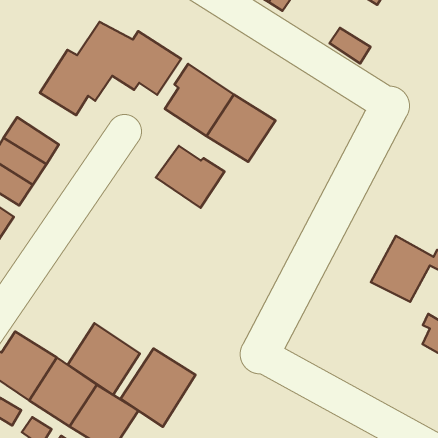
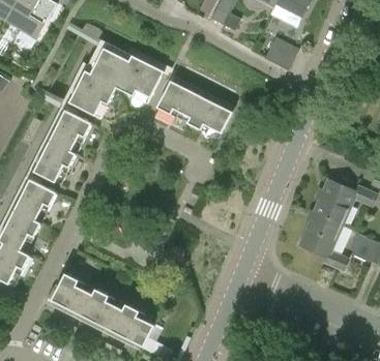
building: none -> [54,103,93,139]
building: [156,146,225,208] -> none
building: none -> [300,215,350,273]
building: [68,323,140,395] -> none
building: [120,348,195,427] -> none

